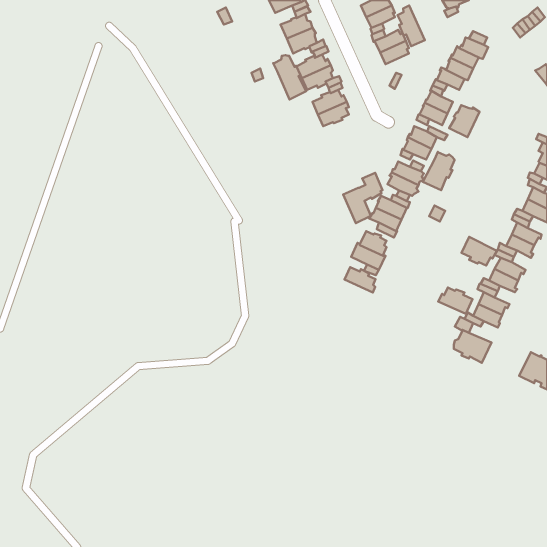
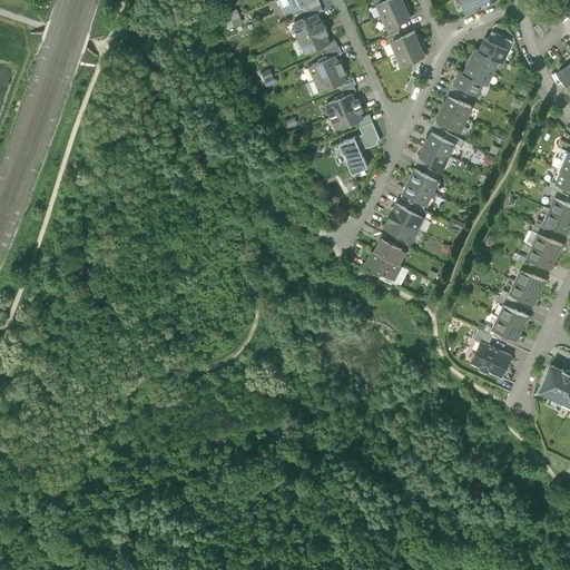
building: [398,6,425,46] -> none
building: [273,55,306,99] -> none
building: [449,105,480,137] -> none
building: [423,152,455,190] -> none
building: [343,173,383,223] -> [338,122,380,175]
building: [461,237,497,265] -> none
building: [345,267,376,293] -> none
building: [438,288,472,314] -> none

